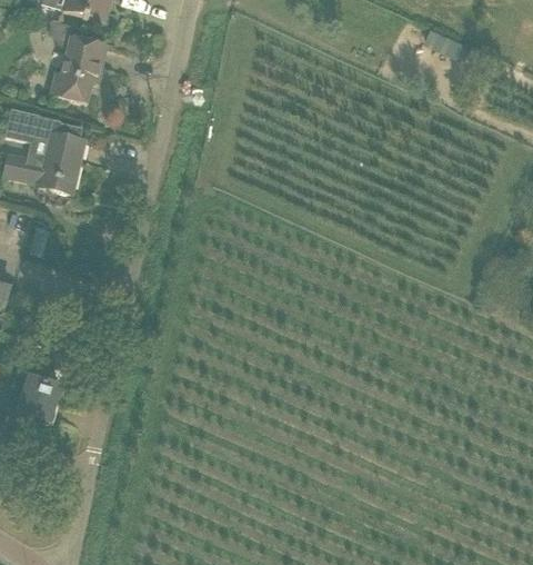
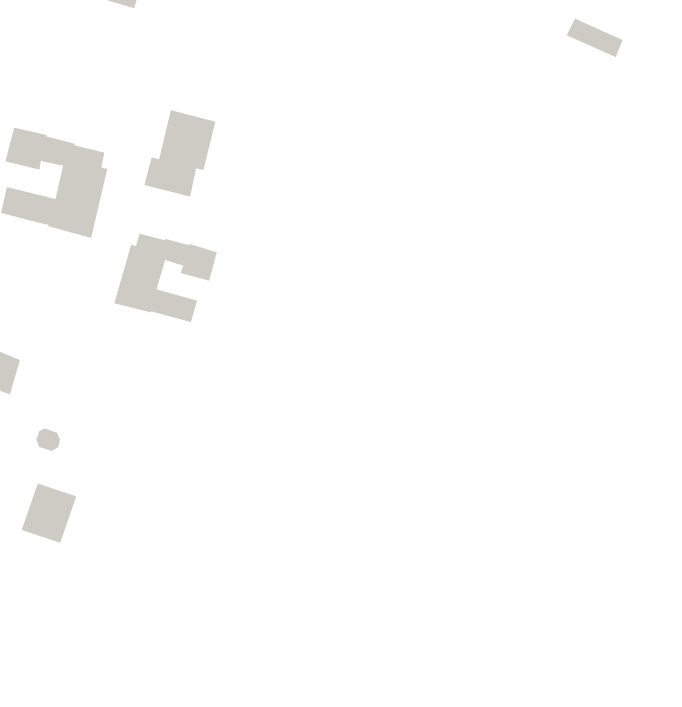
building: [50,37,104,102] -> [144,110,216,197]
building: none -> [113,233,217,323]

